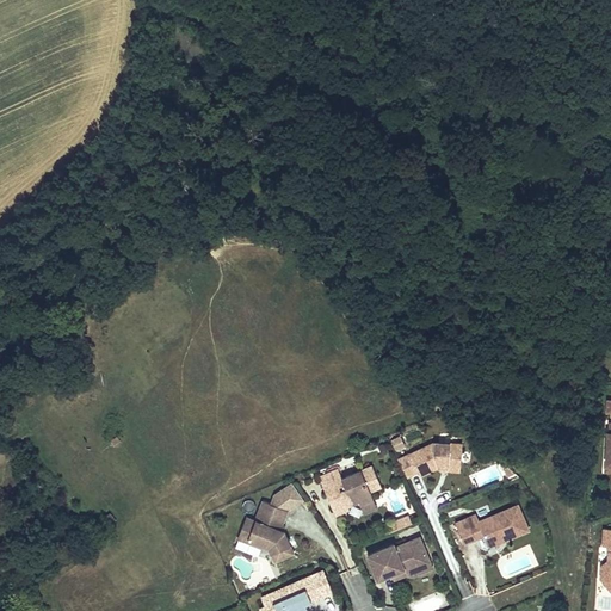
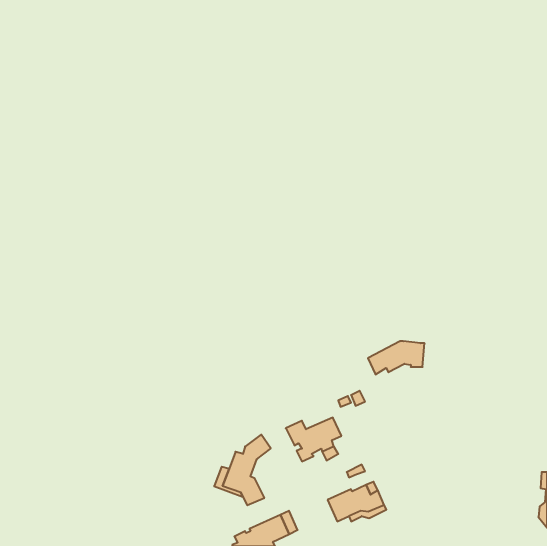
building: [397,443,461,480] -> [368,341,425,374]
building: [455,504,527,545] -> none

